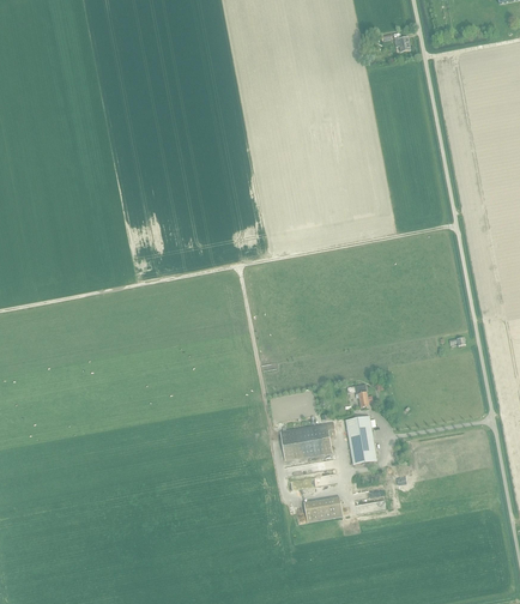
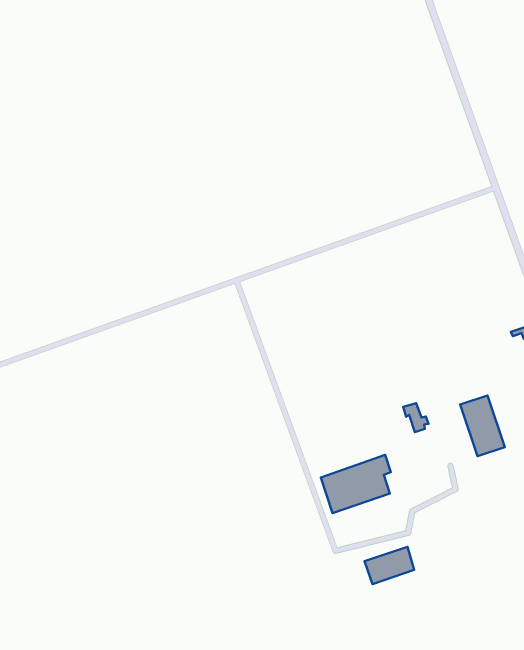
building: [345,416,375,463] -> [460,396,505,456]

